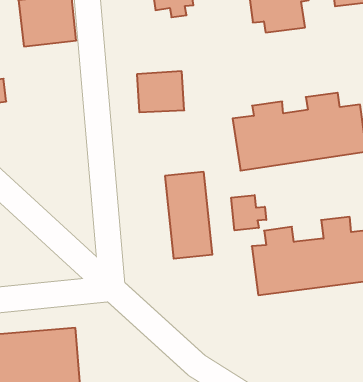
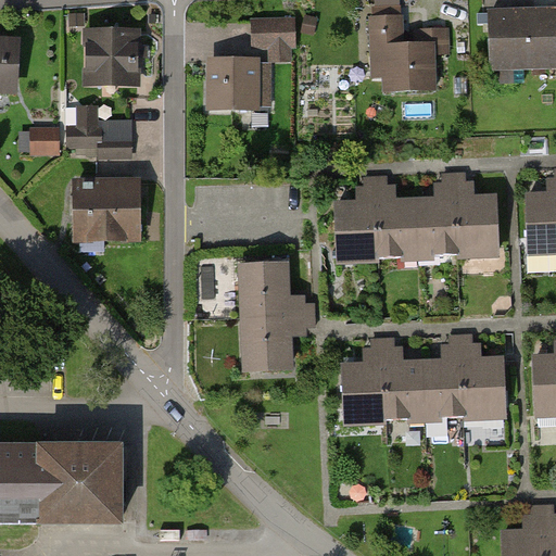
building: none -> [54,99,121,151]
building: [137,71,184,112] -> [204,55,263,106]
building: none -> [71,180,151,242]
building: [231,195,266,230] -> none

